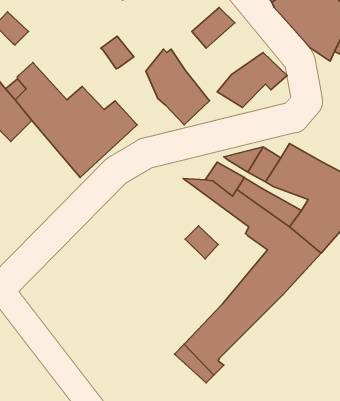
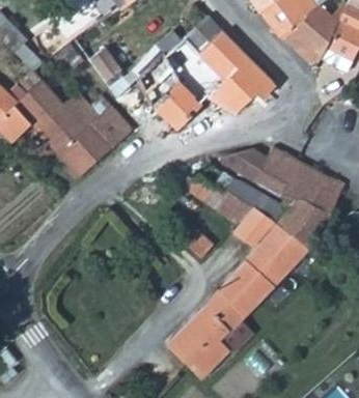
building: none -> [198,32,252,81]

